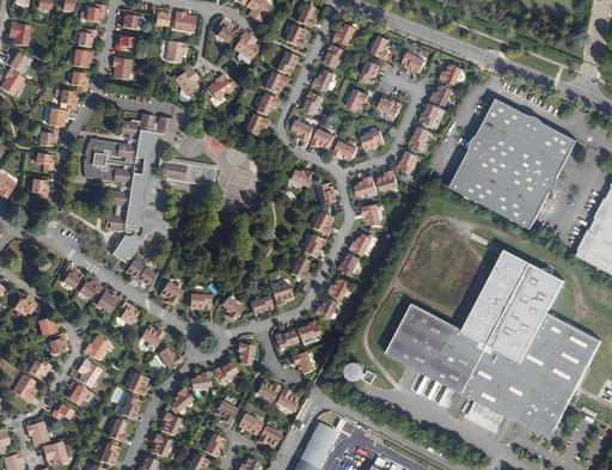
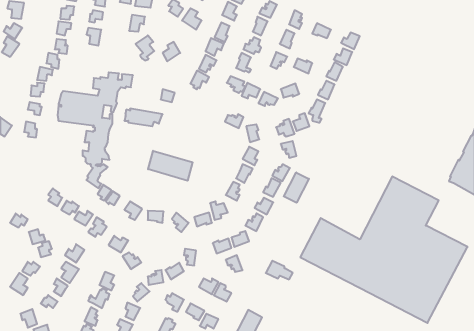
building: [448,96,575,226] -> none
building: none -> [148,151,193,181]
building: none -> [284,172,309,203]

